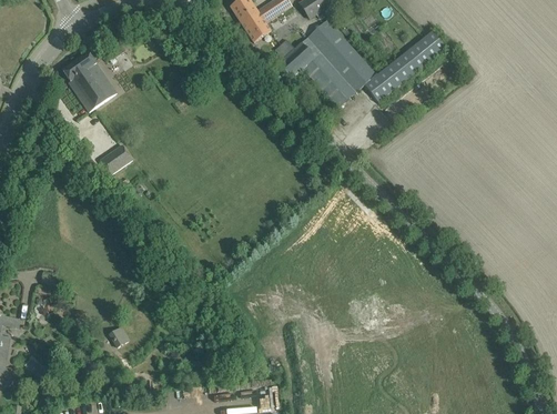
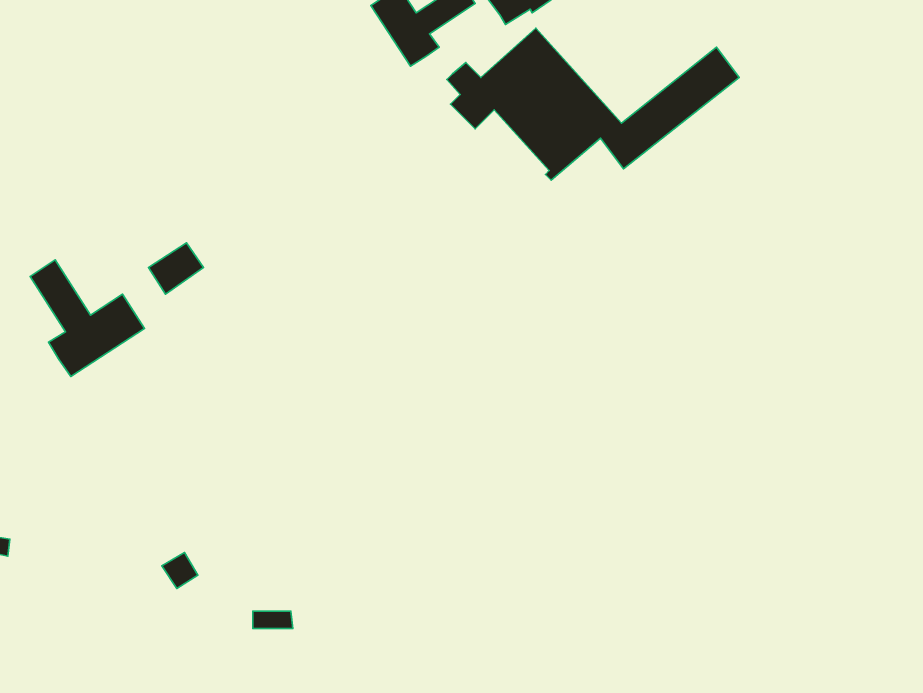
building: [62,51,115,109] -> none
building: none -> [30,260,144,377]

